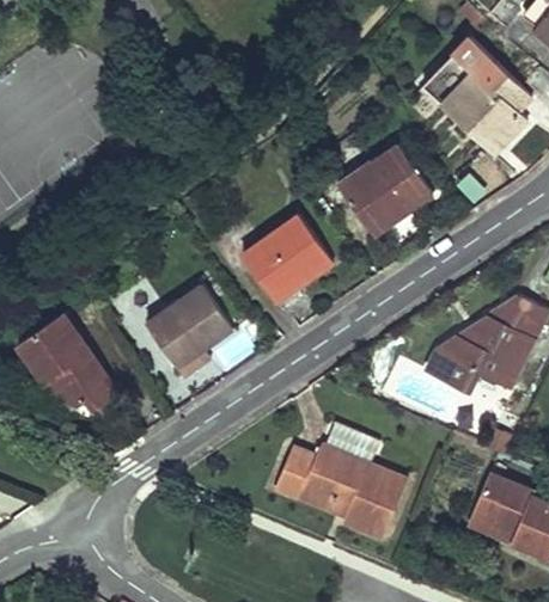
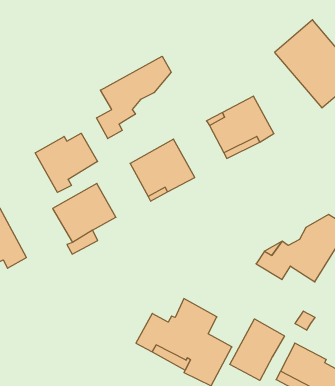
building: none -> [97,56,171,139]
building: none -> [35,133,98,192]
building: none -> [230,319,284,380]

